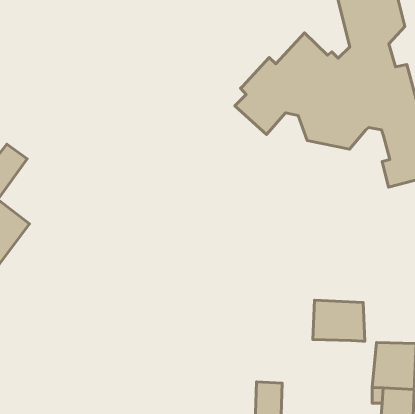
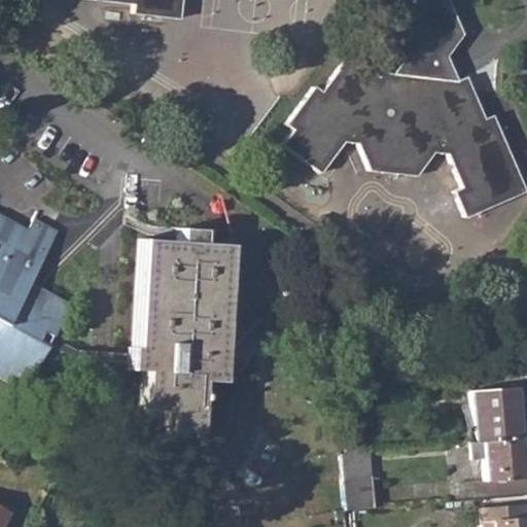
building: none -> [129,226,233,430]
building: [313,300,365,341] -> none

